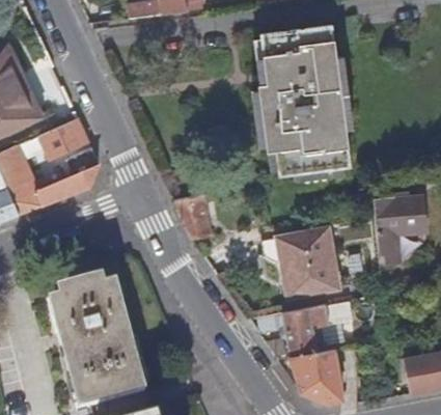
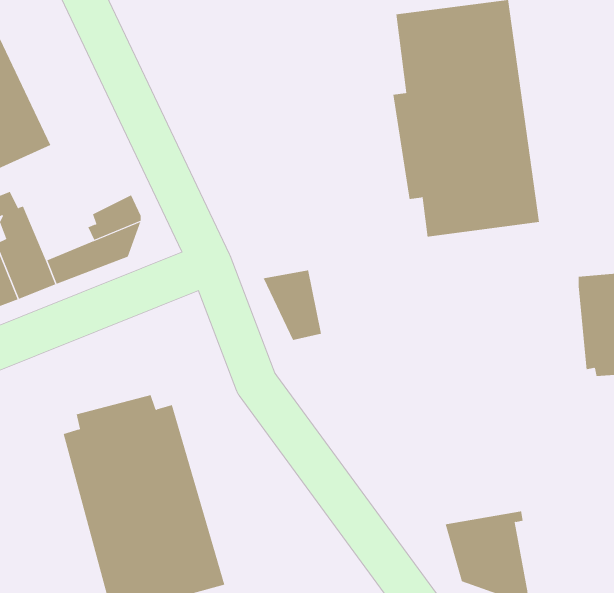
building: [22,117,88,159] -> none
building: [278,228,337,296] -> none
building: [281,300,344,356] -> none

